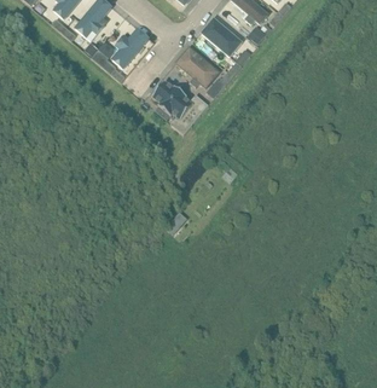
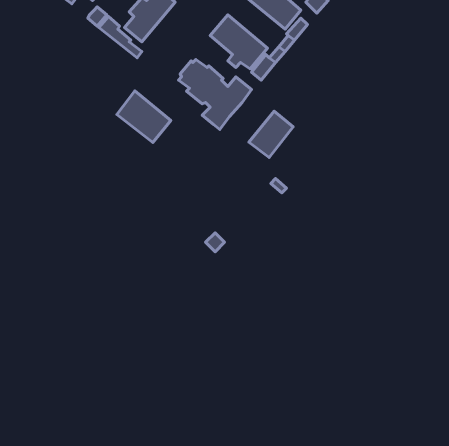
building: none -> [117,91,171,142]
building: none -> [249,111,293,158]

